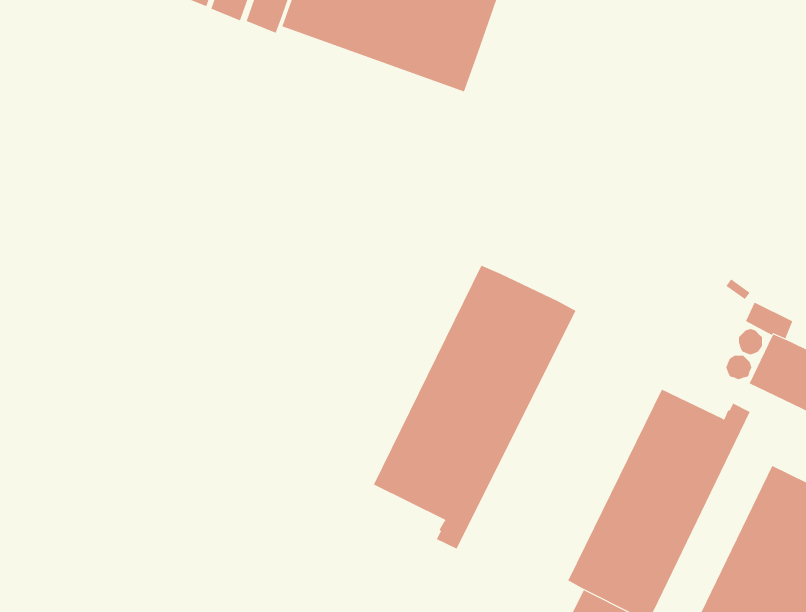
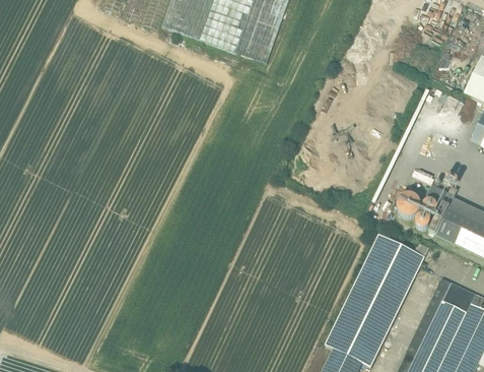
building: [373,265,576,549] -> none
building: none -> [399,193,422,216]

